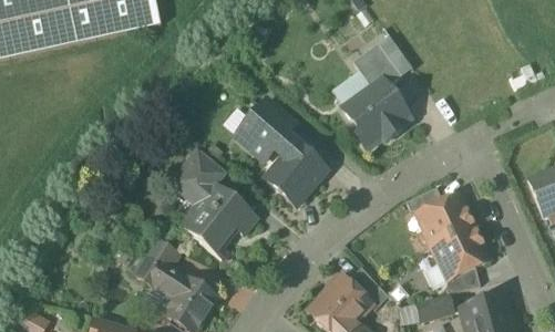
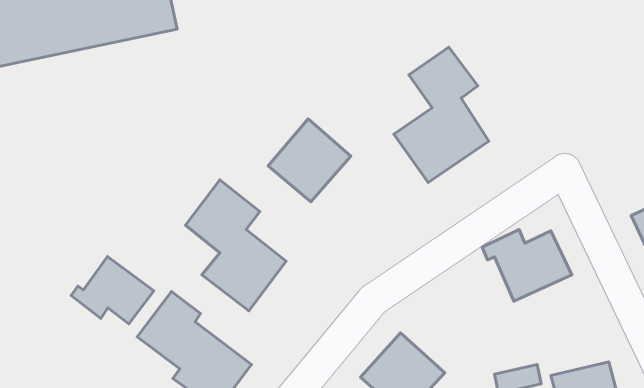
building: [260,139,326,204] -> none
building: none -> [71,257,154,324]
building: [432,224,493,293] -> none

